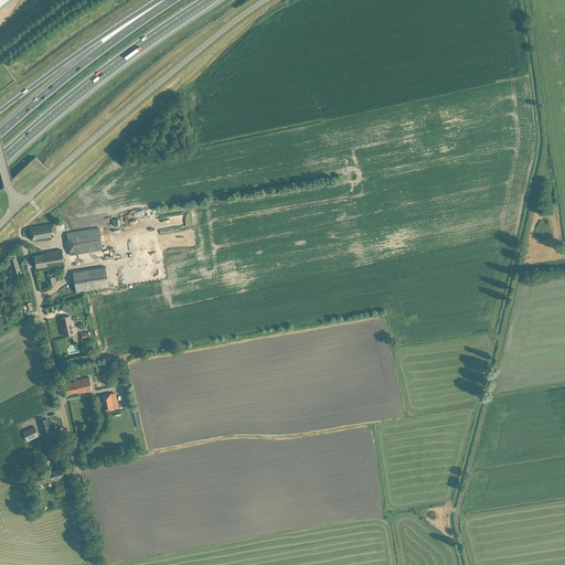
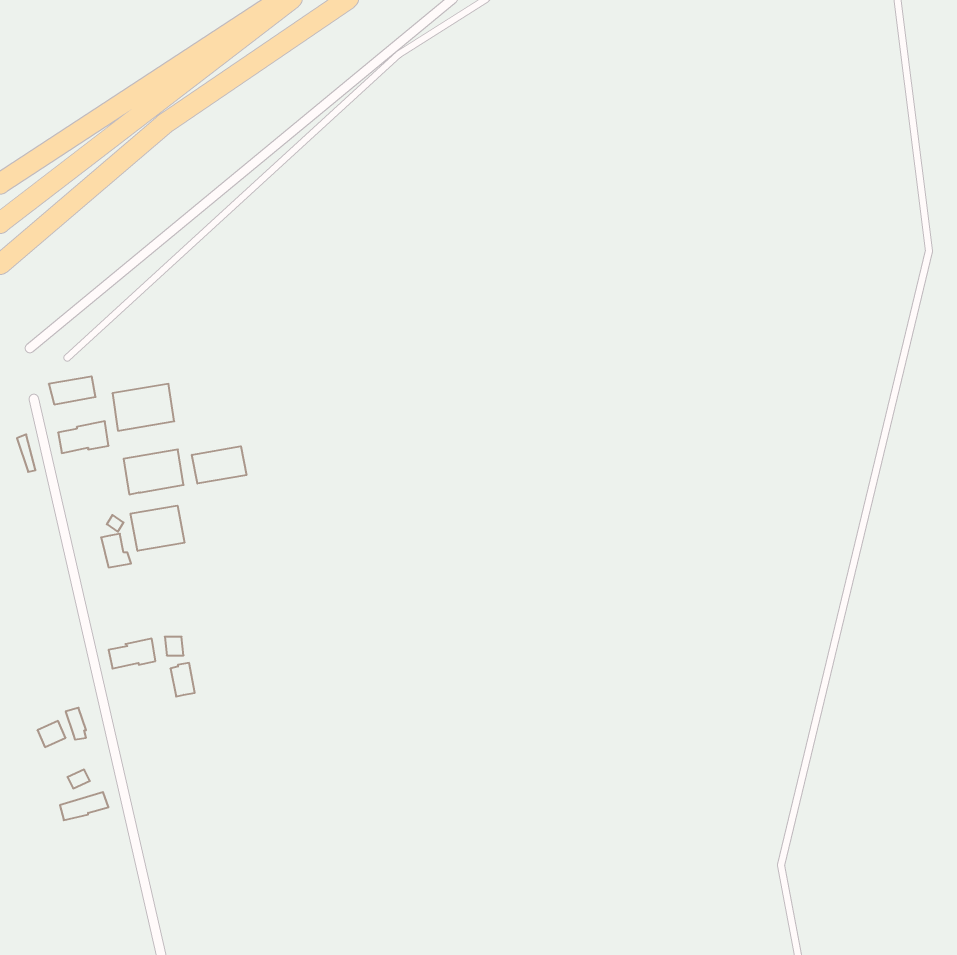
building: none -> [192,446,246,484]
building: none -> [131,506,184,551]

